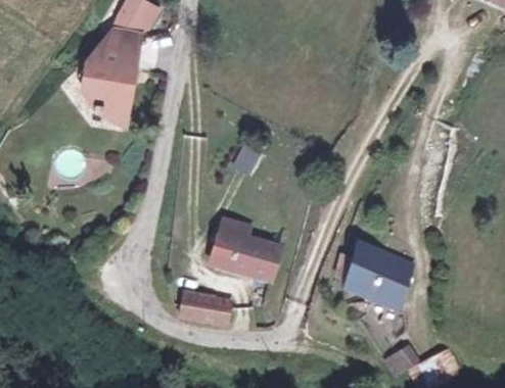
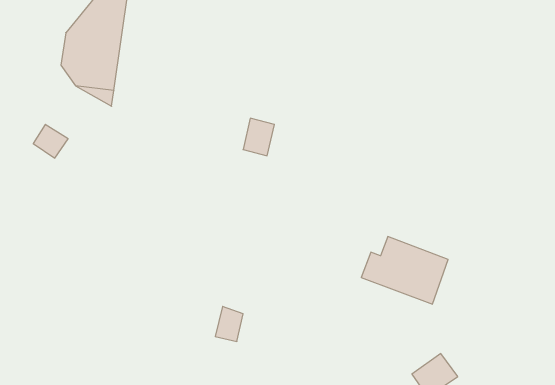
building: [214,223,282,285] -> none
building: [181,289,218,324] -> none

